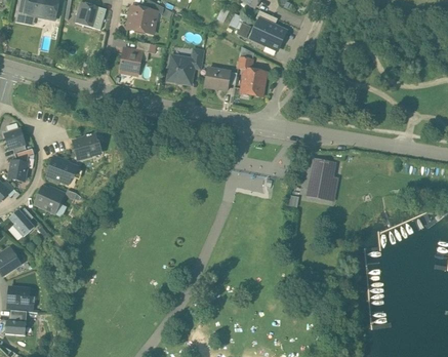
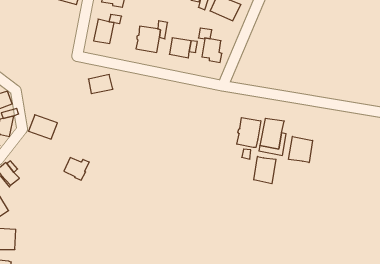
building: [73,137,100,159] -> [88,75,113,94]
building: none -> [237,118,261,147]
building: none -> [289,136,313,163]
building: [34,188,63,213] -> [64,158,89,180]
building: none -> [254,156,276,184]

